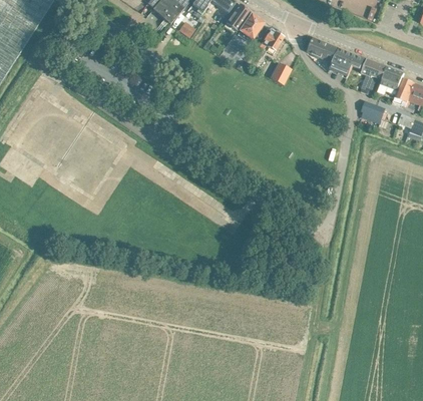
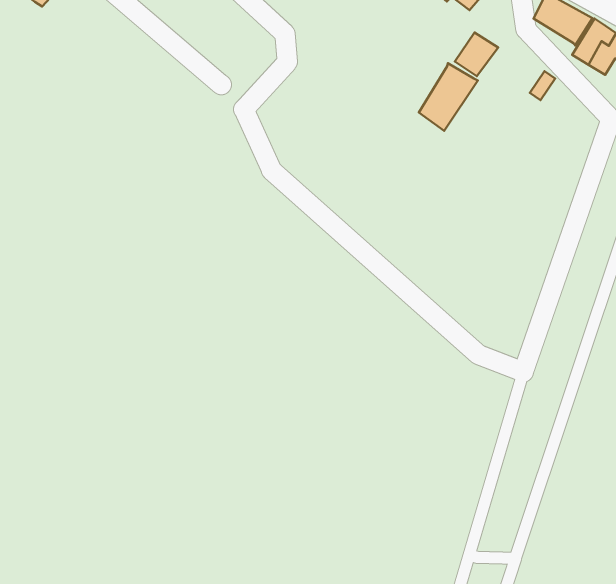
building: none -> [419,63,478,131]

